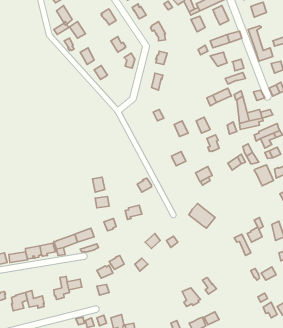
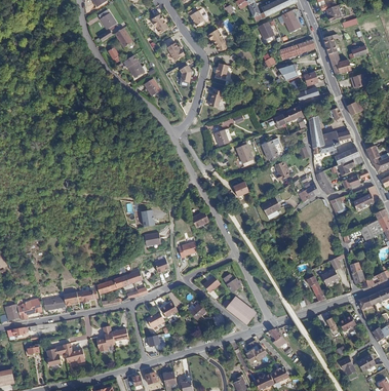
building: [189,204,215,228] -> [225,295,256,323]

